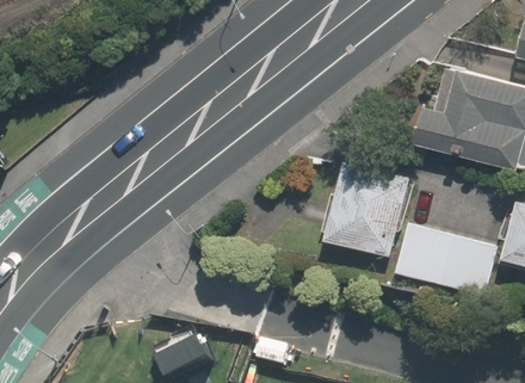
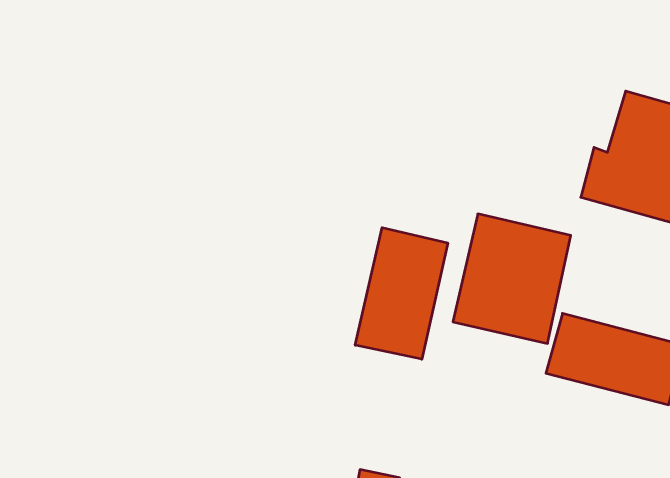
building: none -> [355,228,448,359]

